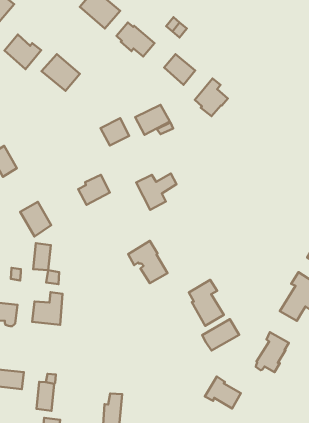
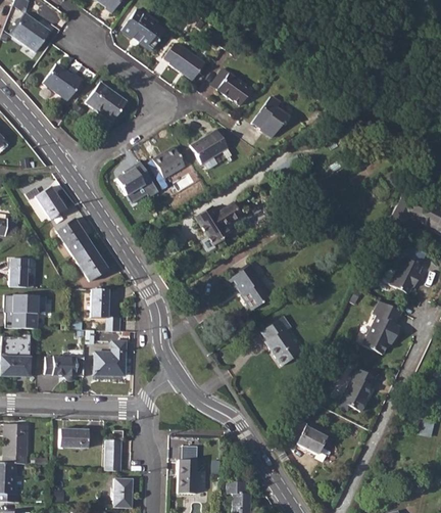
building: [78,175,110,205] -> [117,161,152,195]
building: none -> [57,219,92,256]
building: [128,241,167,283] -> [229,264,273,310]
building: [202,319,239,350] -> none

